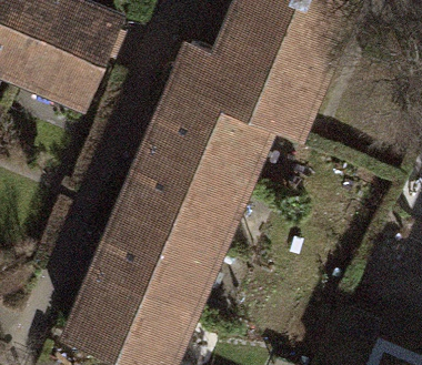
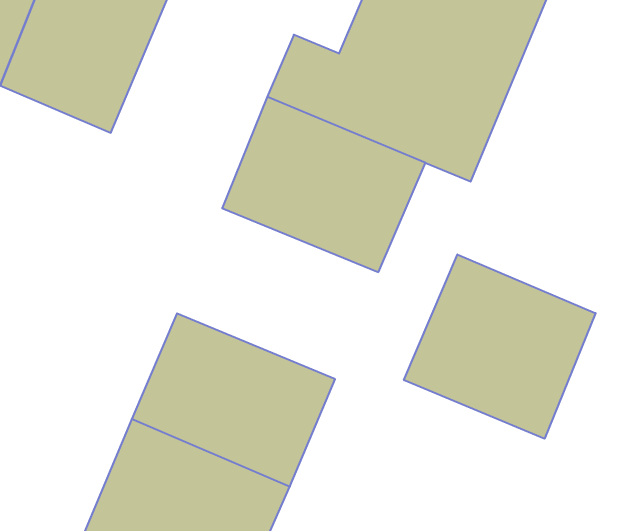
building: [121,149,240,250] -> none
building: none -> [404,254,596,439]

